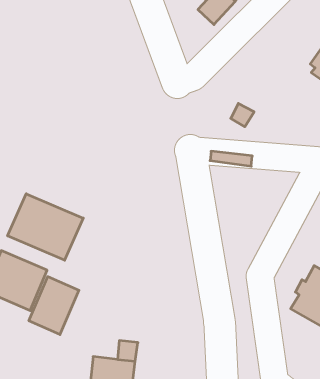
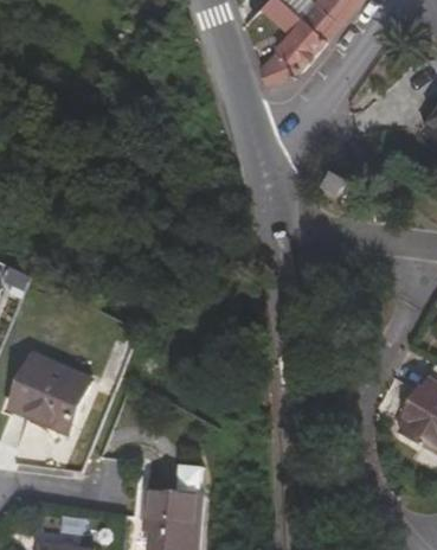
building: [8,194,83,260] -> none
building: [29,277,79,335] -> none

